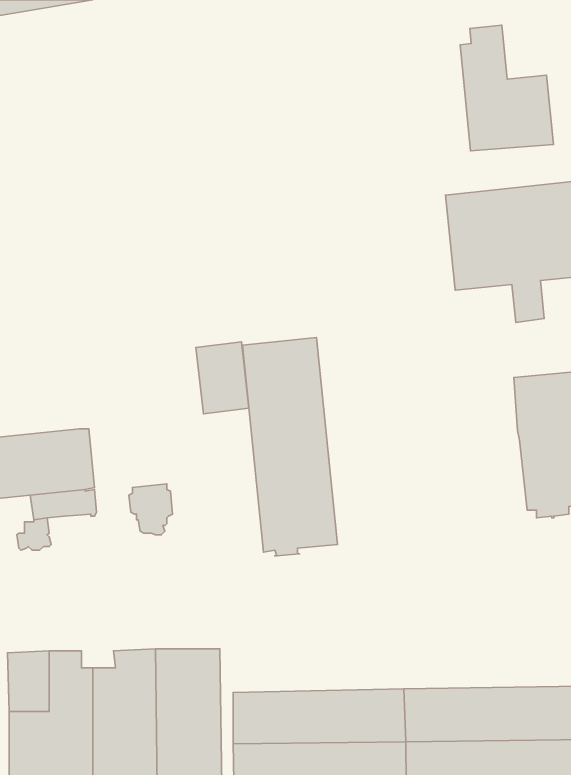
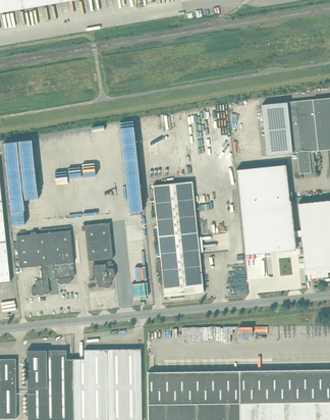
building: [460,25,553,151] -> none
building: none -> [235,164,301,255]
building: [196,342,249,414] -> [85,222,113,261]

